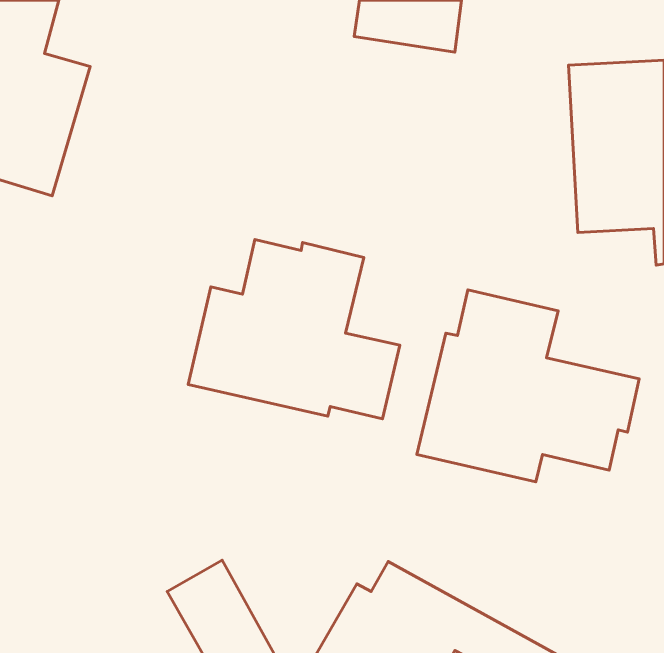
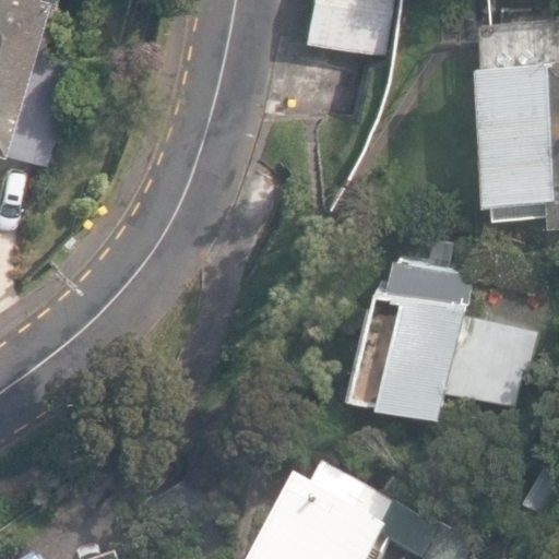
building: [188,239,400,419] -> none

